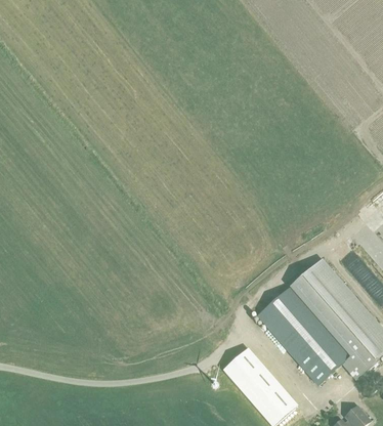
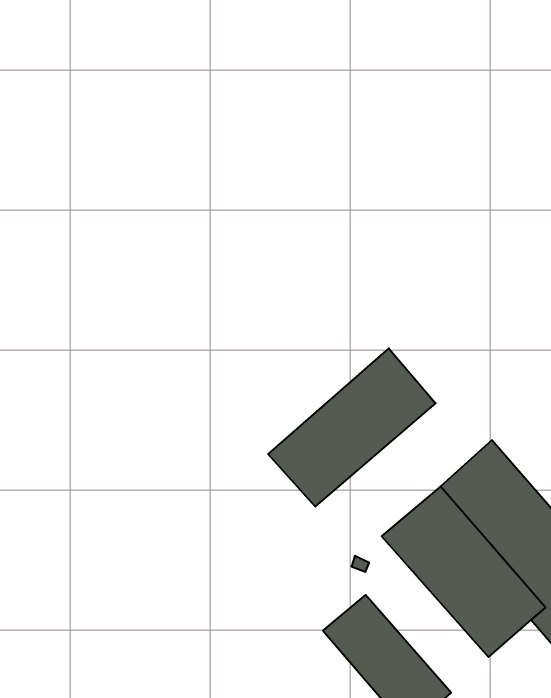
building: none -> [268,348,436,507]

